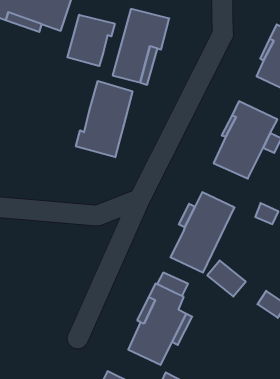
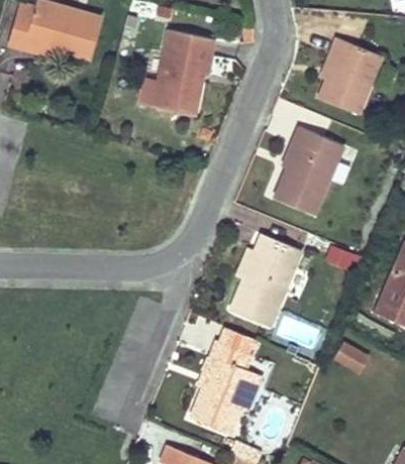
building: [67,15,115,66] -> none
building: [76,81,132,157] -> none

